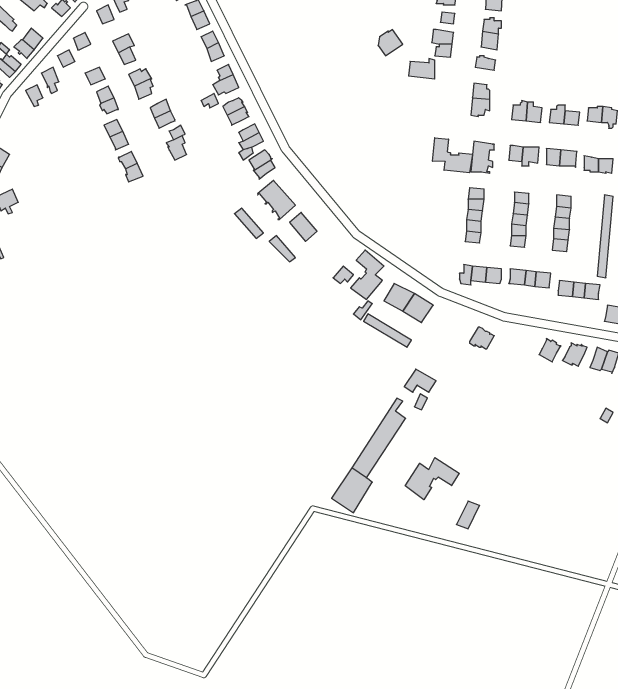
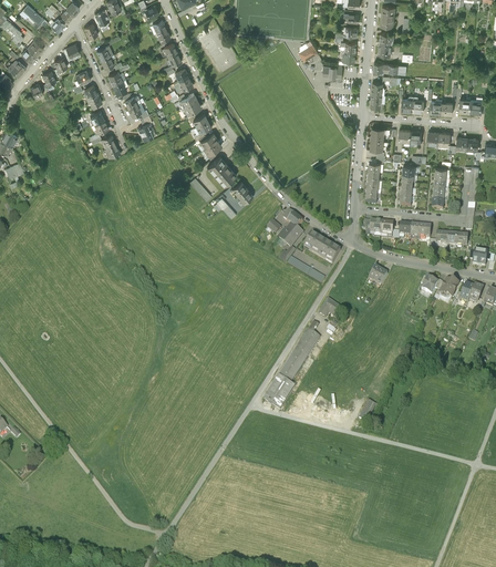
building: [433,138,473,173] -> none
building: [405,458,459,500] -> none

